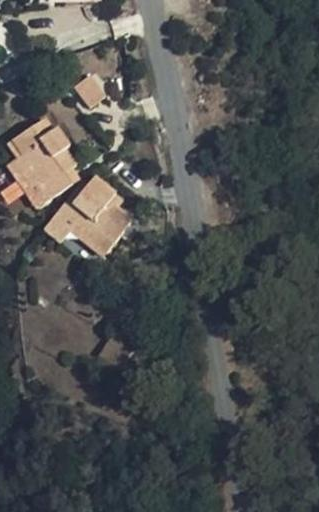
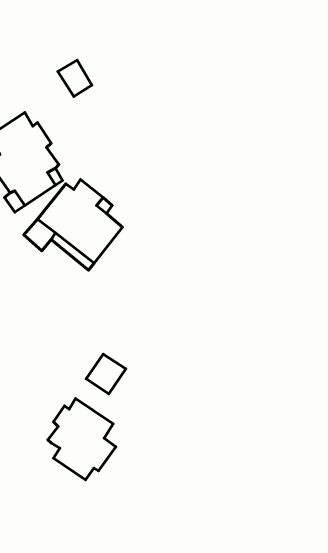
building: none -> [48,398,116,480]

